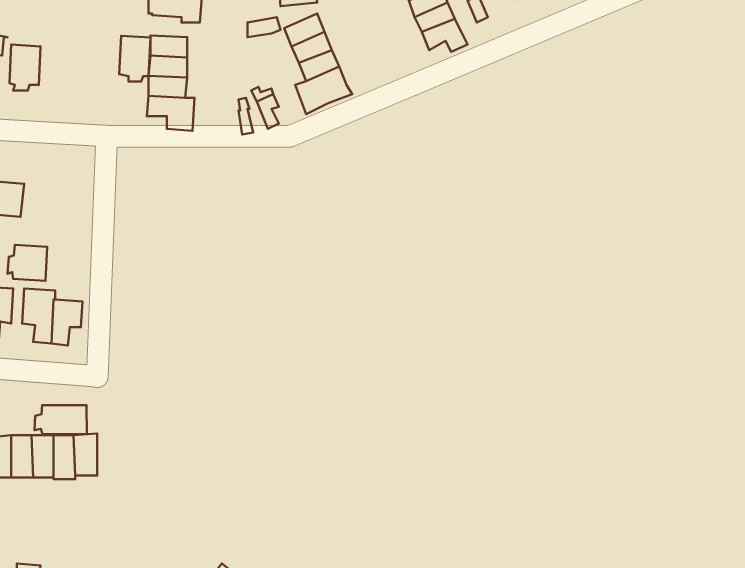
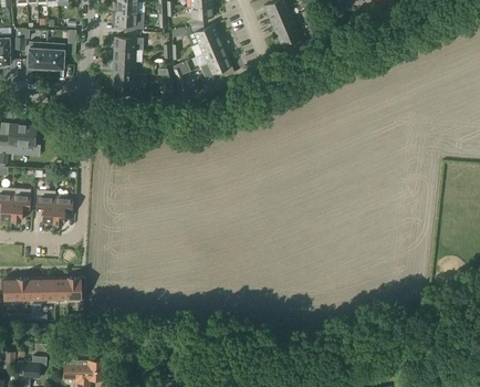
building: [119,36,150,82] -> [45,44,64,72]
building: [7,245,47,281] -> none
building: [34,405,87,434] -> none

